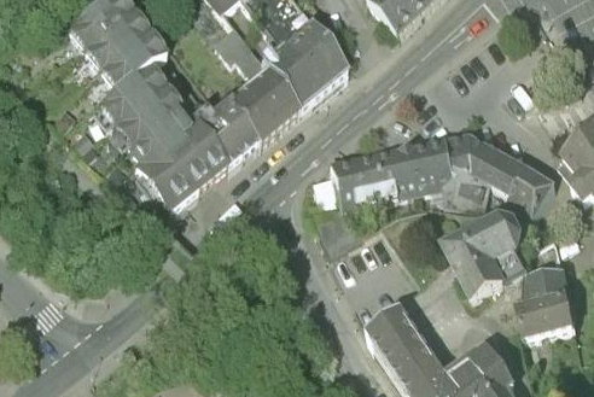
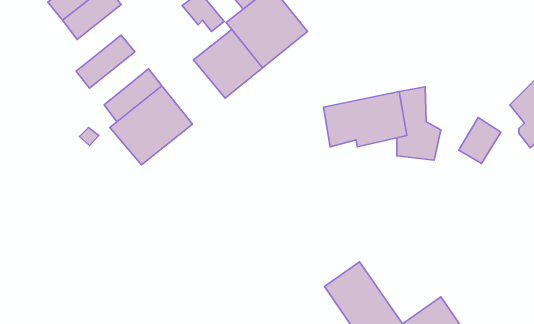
building: [101,41,164,98] -> none
building: [115,92,177,148] -> none
building: [192,100,260,169] -> none
building: [473,129,530,188] -> none
building: [333,151,372,199] -> none
building: [443,215,522,298] -> none
building: [516,263,573,332] -> none

